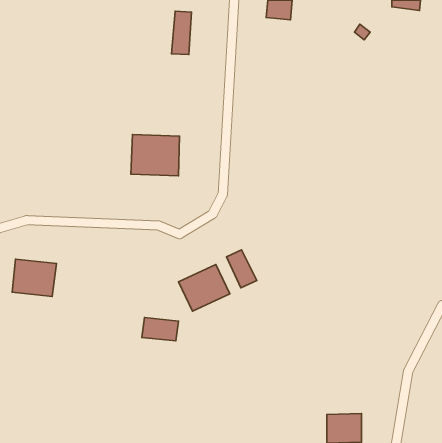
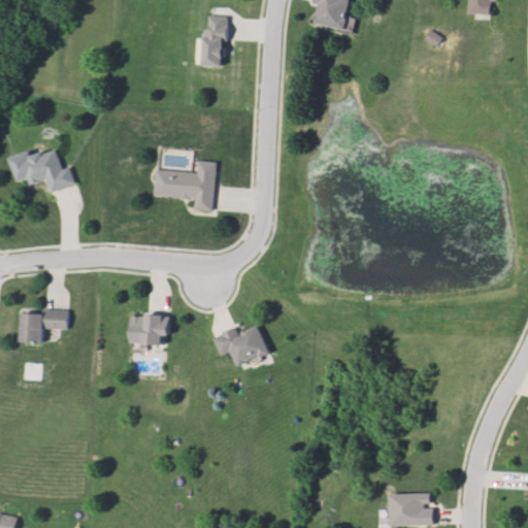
building: none -> [9,143,69,201]
building: [226,250,257,288] -> none
building: [142,318,178,341] -> [129,314,172,341]

